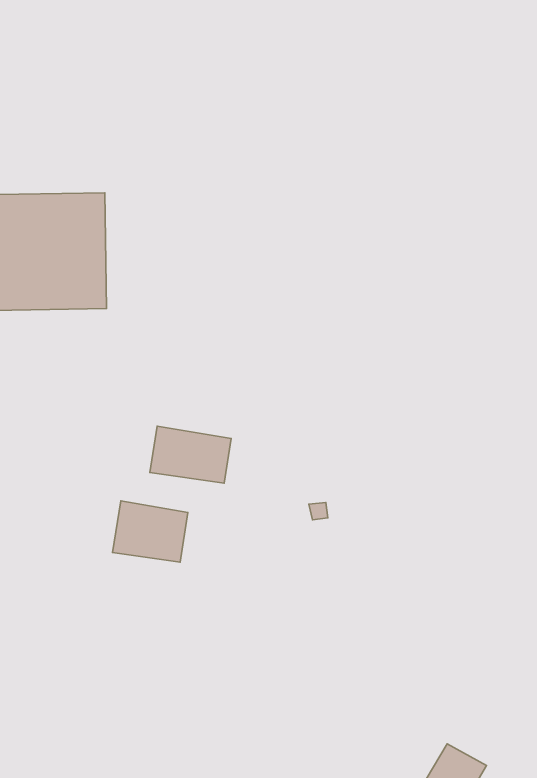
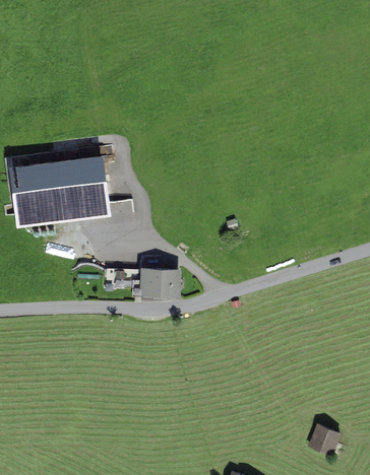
building: [113,501,188,562] -> none

